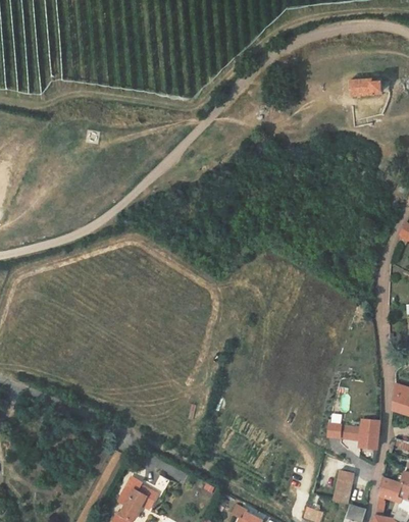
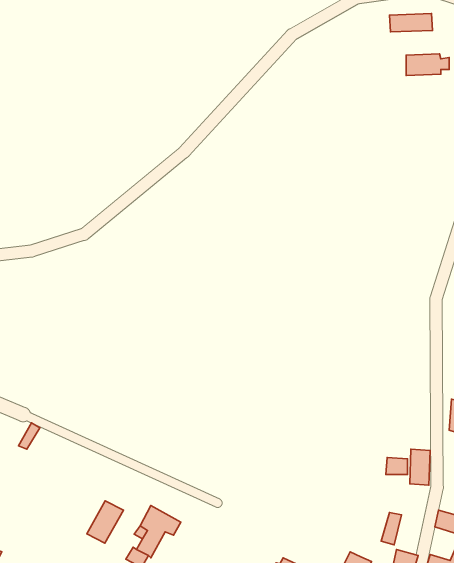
building: none -> [389,14,433,32]
building: none -> [87,501,123,543]

